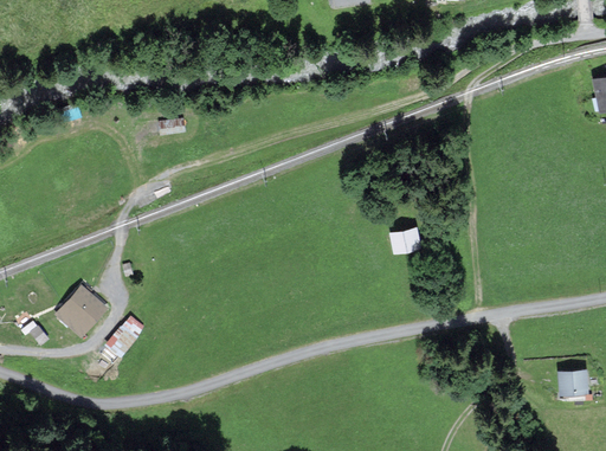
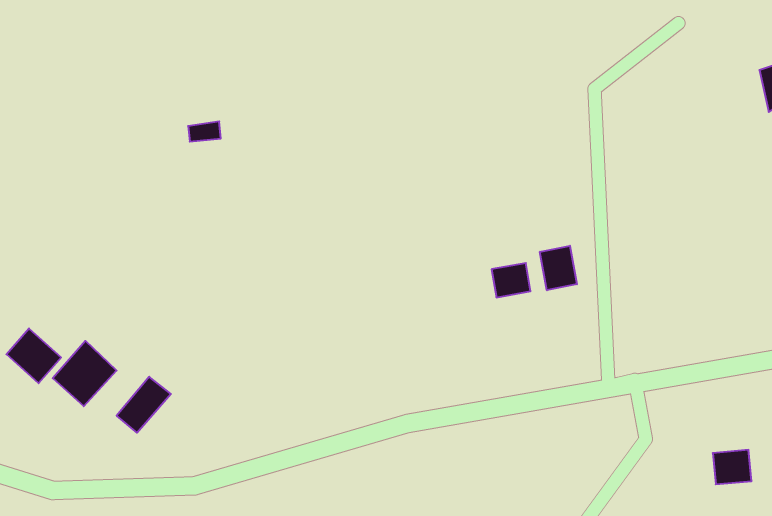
building: none -> [540,246,577,290]
building: none -> [6,328,61,383]

